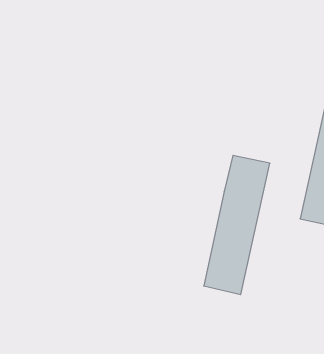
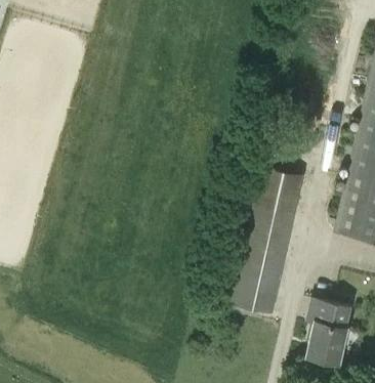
building: none -> [306,299,349,364]

